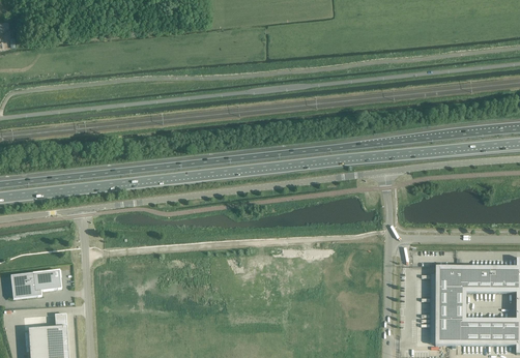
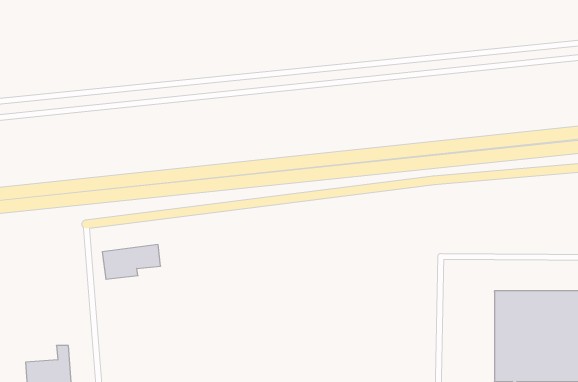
building: [9,269,60,299] -> [102,245,161,279]

